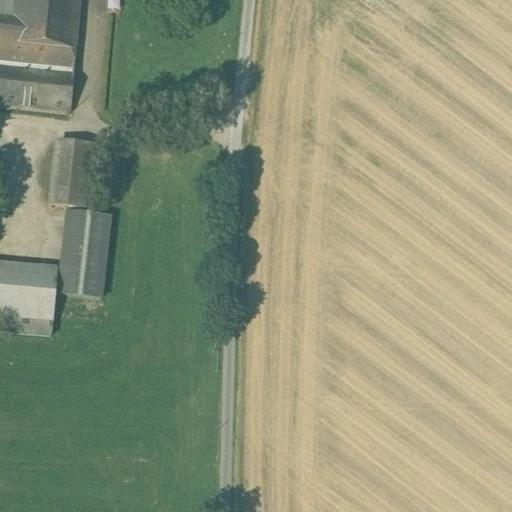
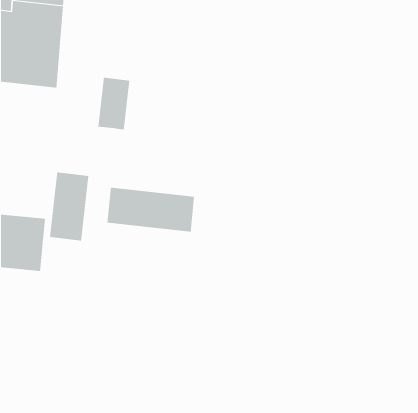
building: [50,139,90,204] -> [97,77,130,130]
building: none -> [107,187,195,233]

